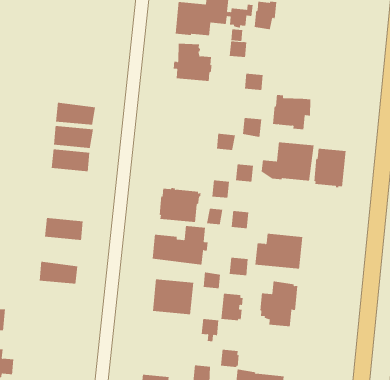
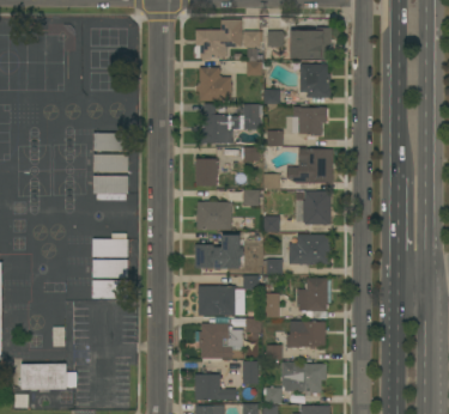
building: none -> [290,28,332,60]
building: none -> [299,65,330,98]
building: none -> [199,104,260,144]
building: none -> [195,159,218,185]
building: [313,148,346,188] -> [303,191,330,226]
building: none -> [92,260,128,278]
building: none -> [198,324,243,359]
building: none -> [286,321,326,349]

